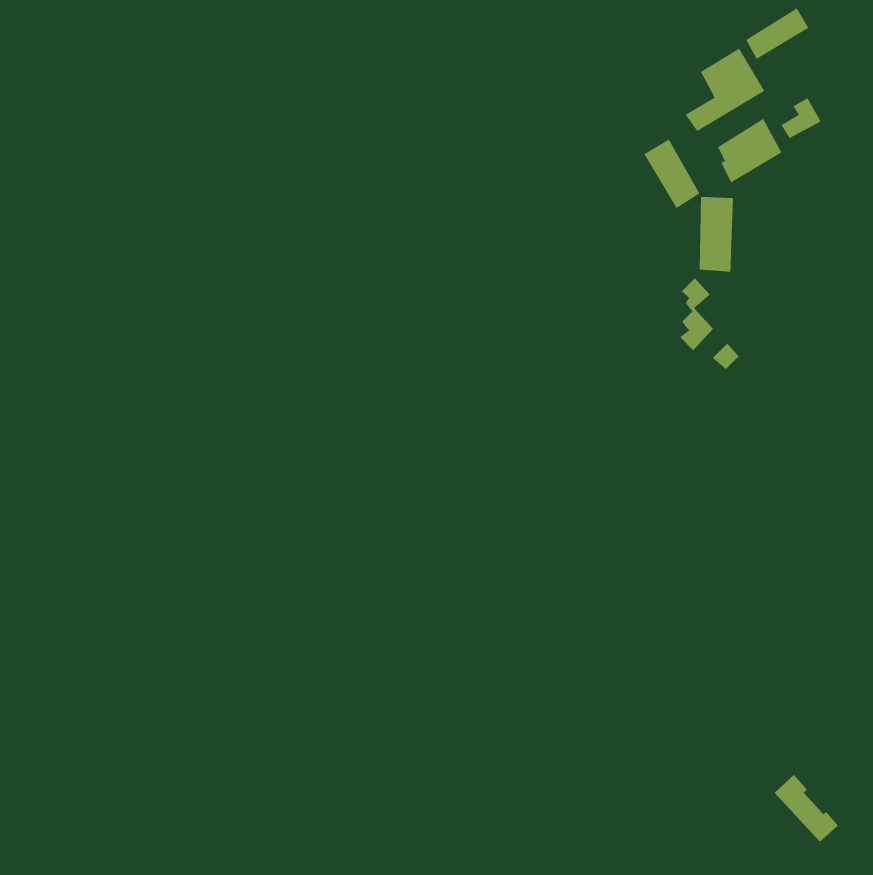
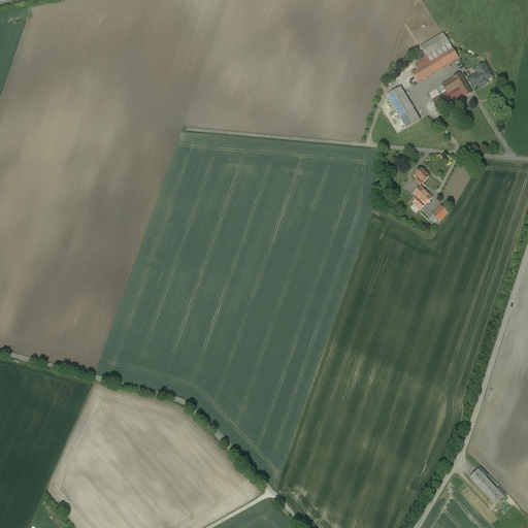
building: [745,7,809,60] -> none
building: [699,196,734,273] -> none

